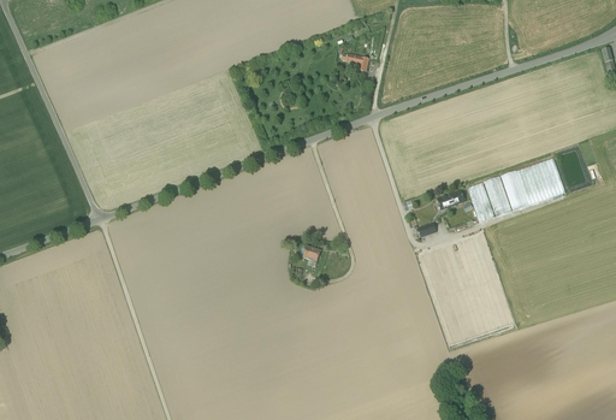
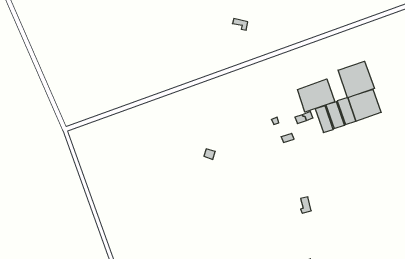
building: none -> [338,61,375,98]
building: none -> [297,79,335,112]

